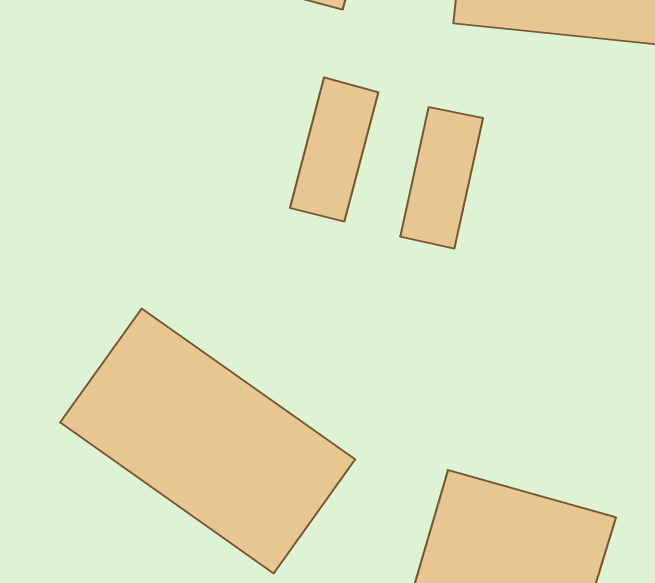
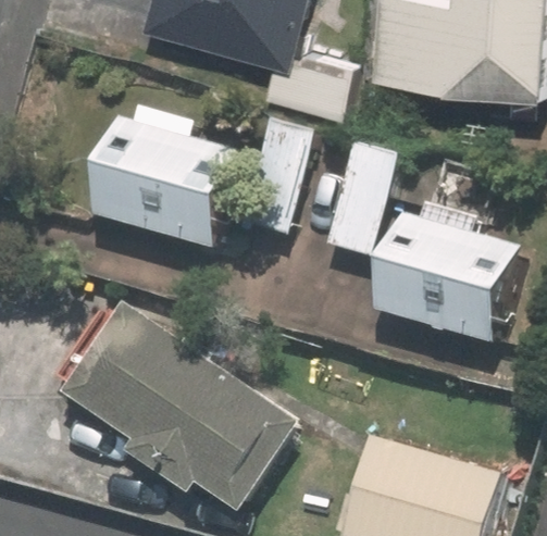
building: none -> [90,117,239,249]
building: none -> [372,212,522,345]

